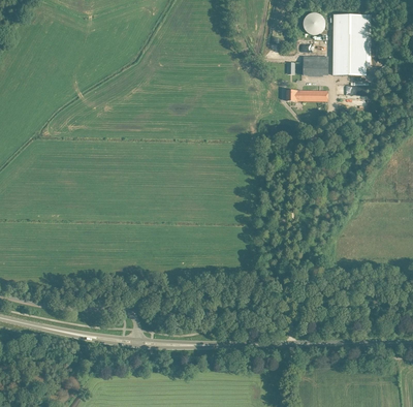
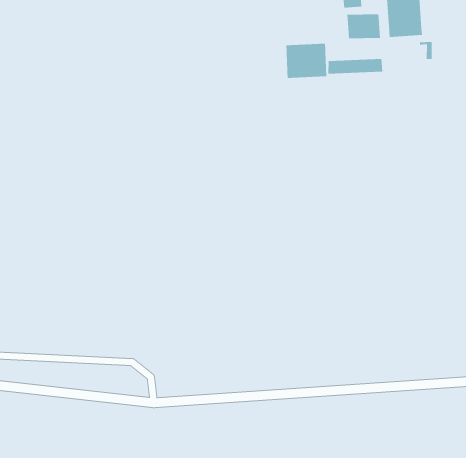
building: none -> [286,43,327,79]

